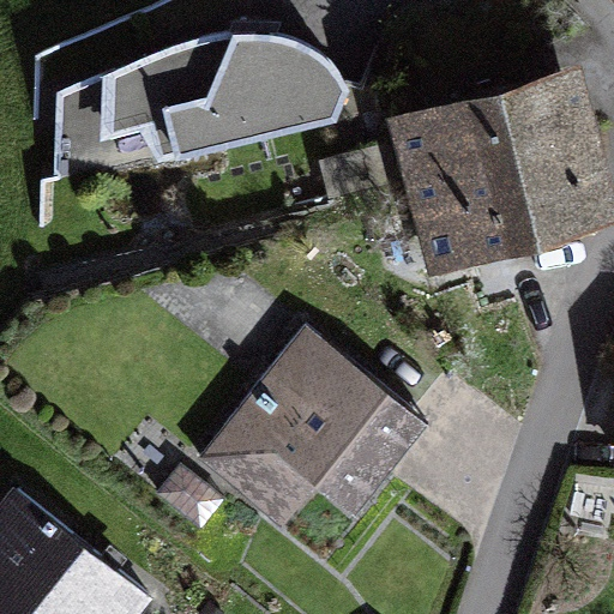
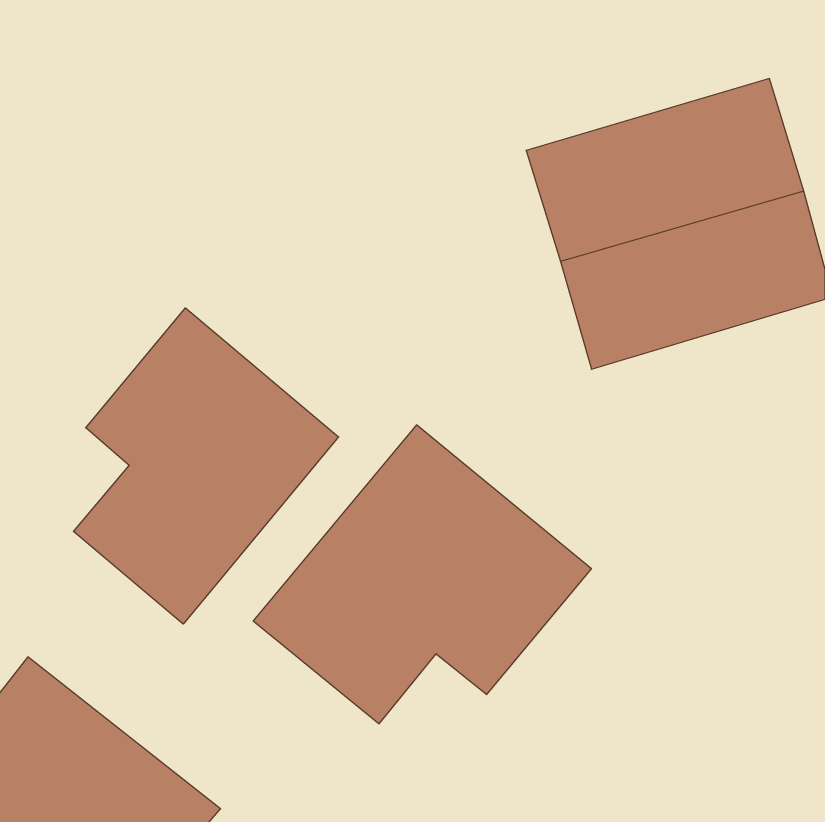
building: [52,31,339,197] -> none
building: none -> [73,308,339,624]

